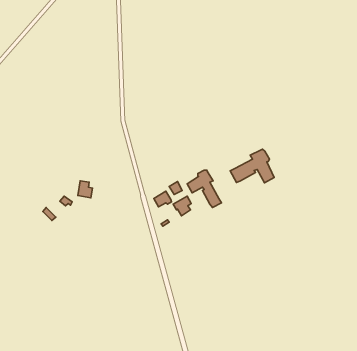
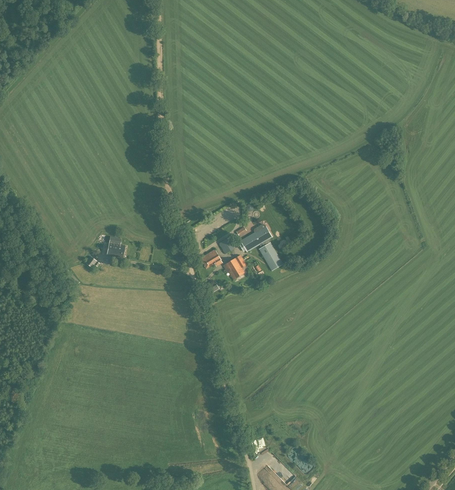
building: [230,149,274,183] -> none

